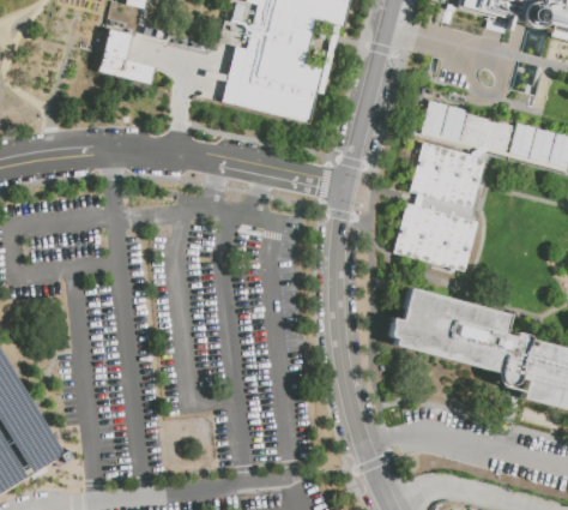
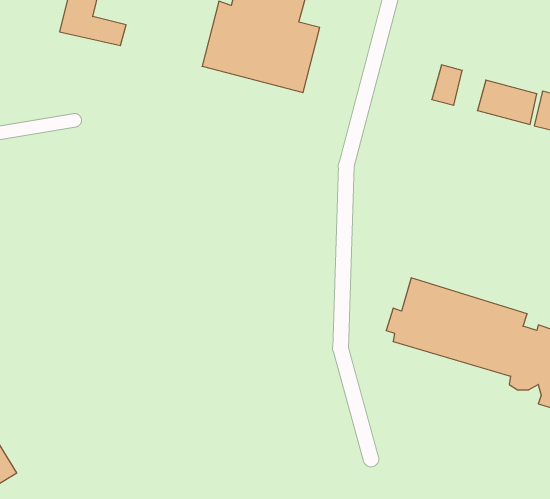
building: [441,106,467,140] -> none
building: [410,143,485,209] -> none
building: [394,203,478,272] -> none

